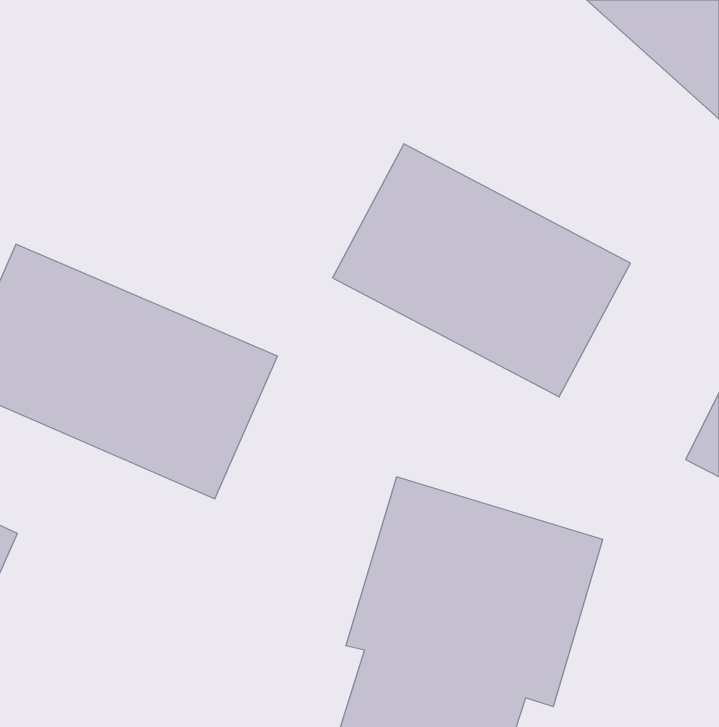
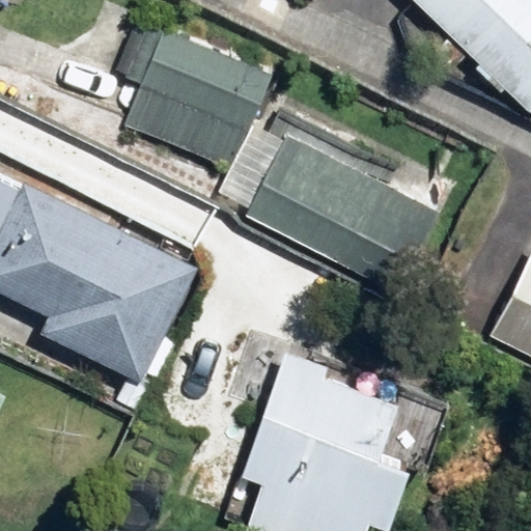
building: none -> [120,29,268,168]

